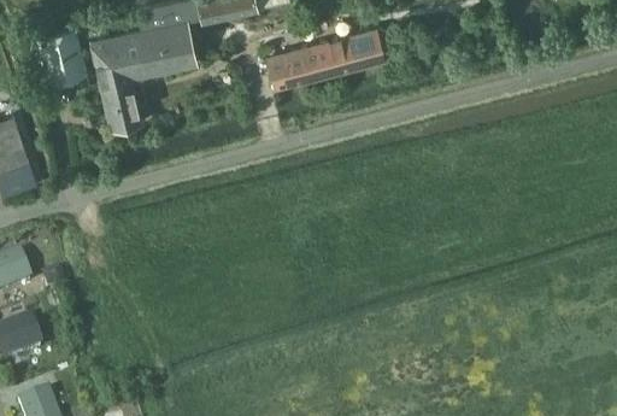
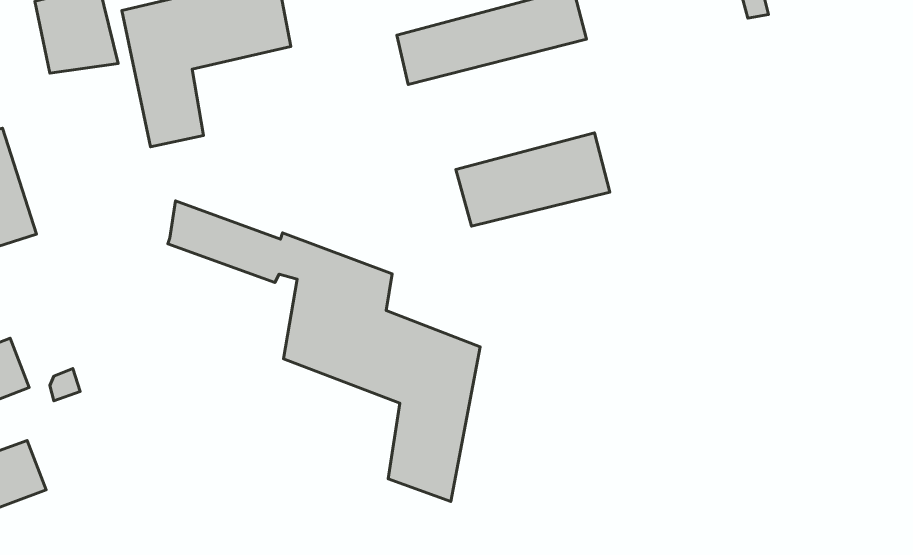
building: none -> [456,133,610,226]
building: none -> [168,201,480,502]

